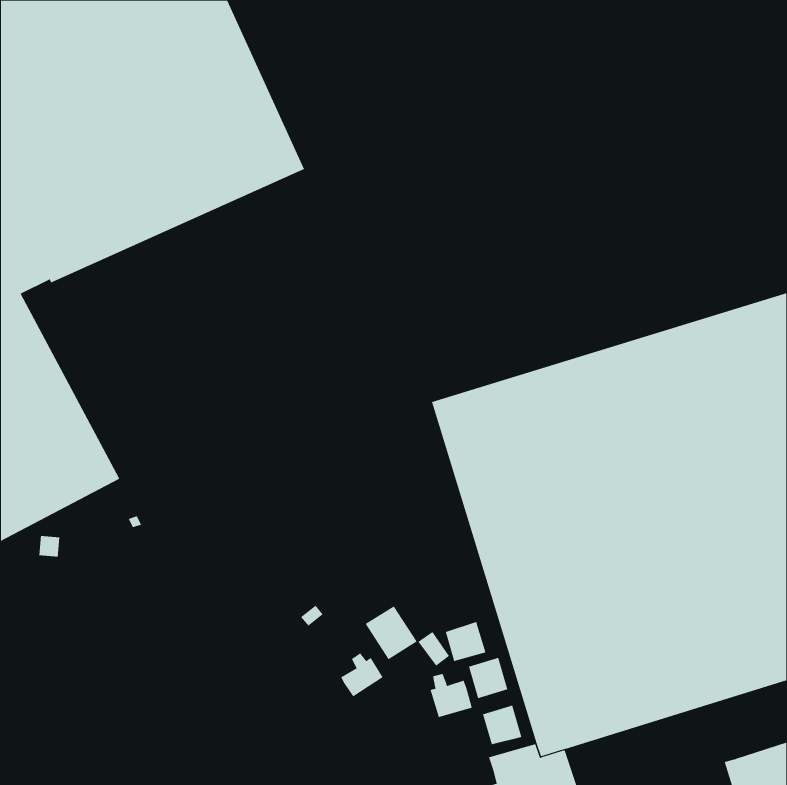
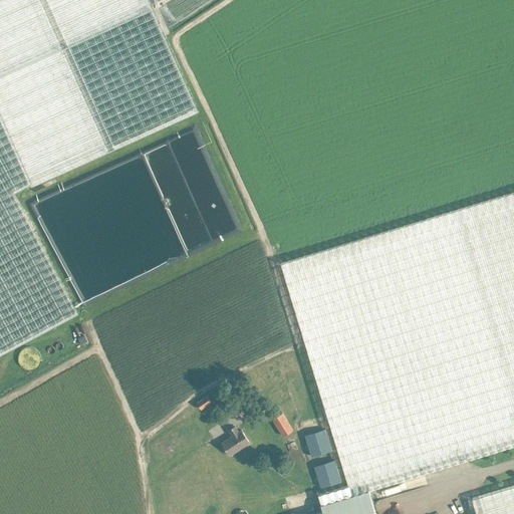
building: [365,605,417,660] -> none
building: [445,621,486,662] -> none
building: [430,673,472,718] -> none

